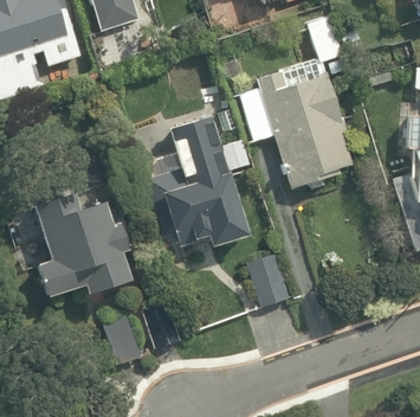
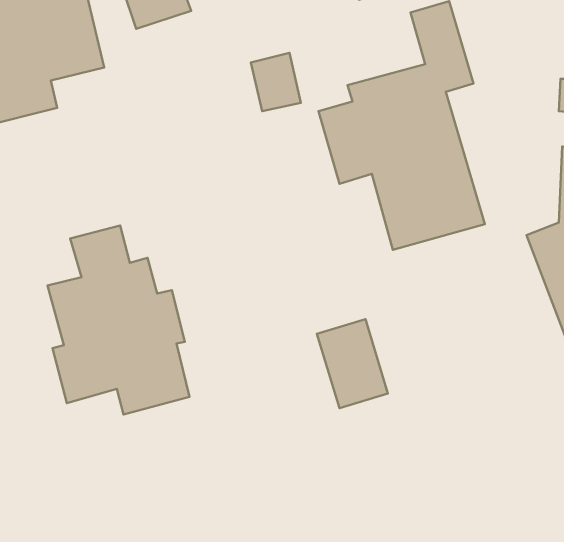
building: [159,120,260,256] -> none

